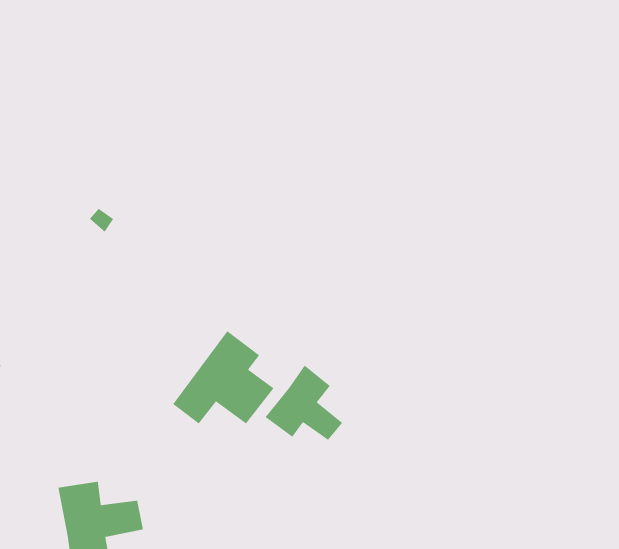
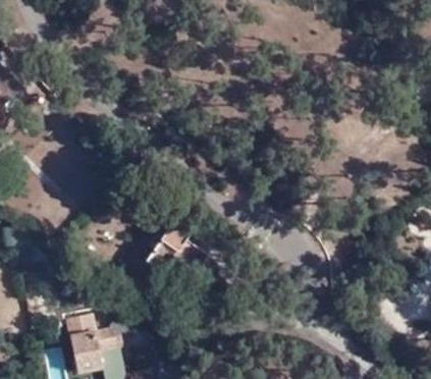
building: [265,365,343,441] -> none

